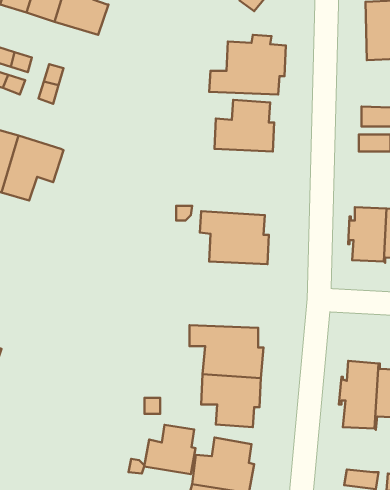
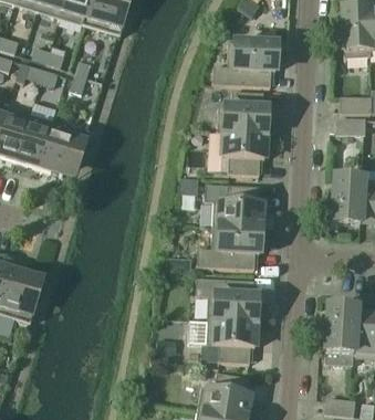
building: none -> [218,132,267,175]
building: none -> [198,225,262,269]
building: [144,425,196,474] -> none

